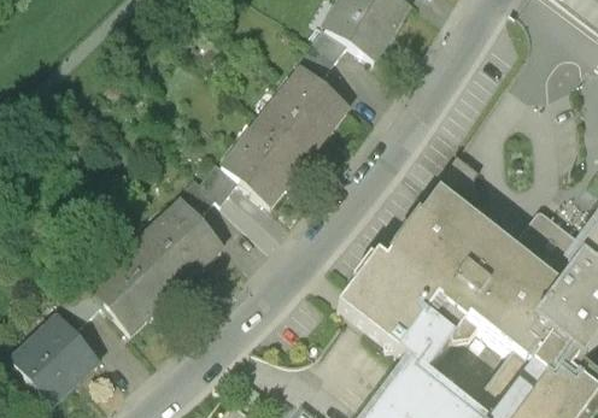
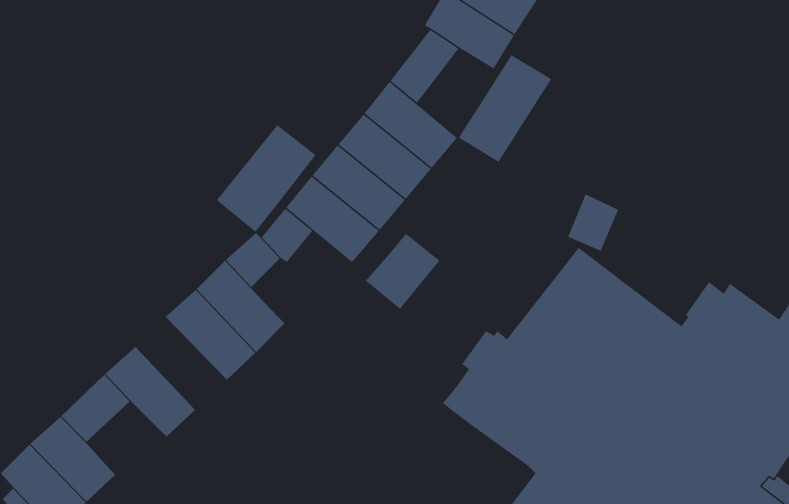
building: none -> [458,54,552,163]
building: none -> [216,124,317,233]
building: none -> [365,233,440,310]
building: [111,242,178,311] -> none

